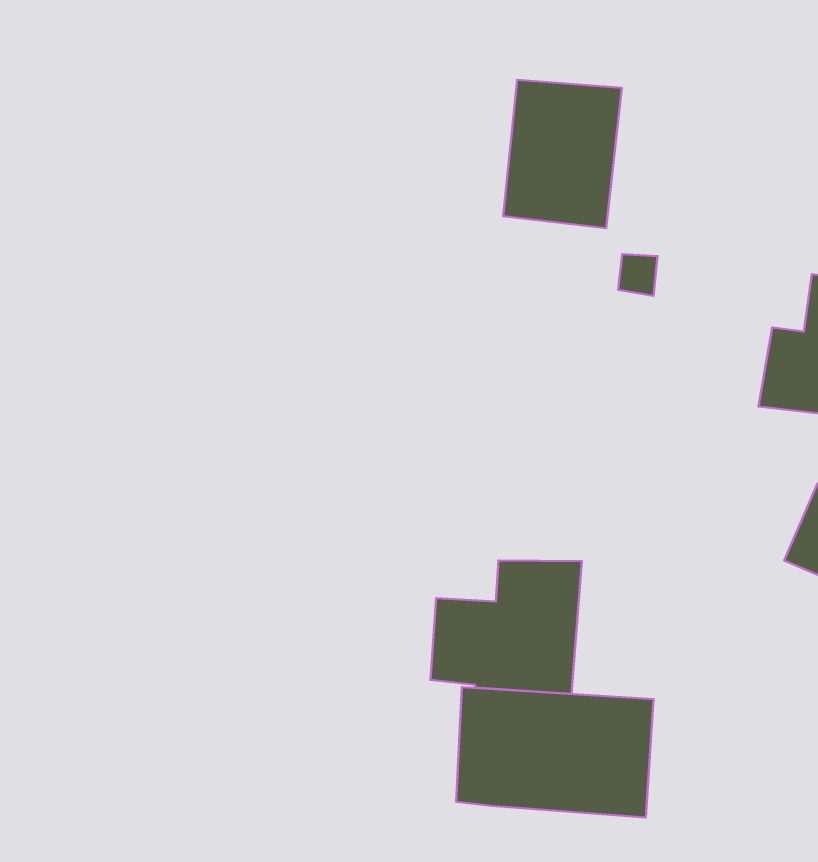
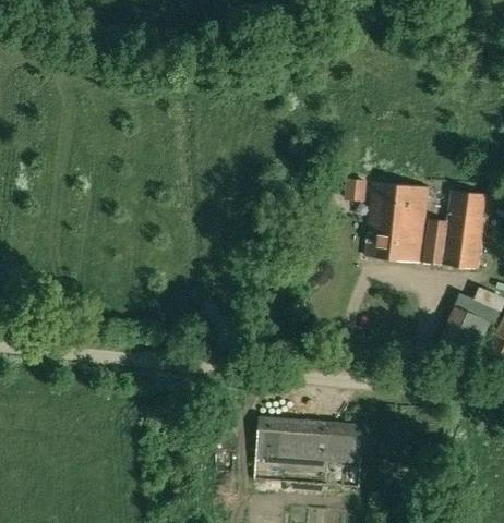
building: [503,80,622,228] -> [364,181,430,263]
building: [430,560,582,694] -> none

